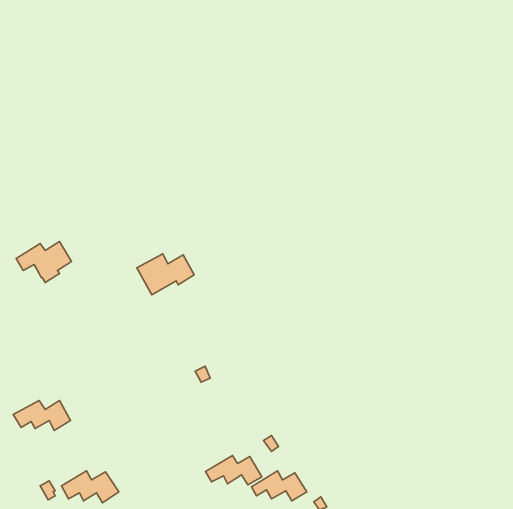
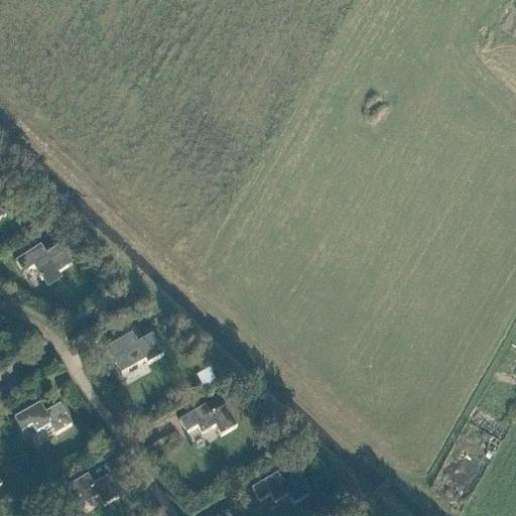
building: [137,254,194,295] -> [107,331,164,372]
building: [205,456,262,485] -> [179,403,236,432]

